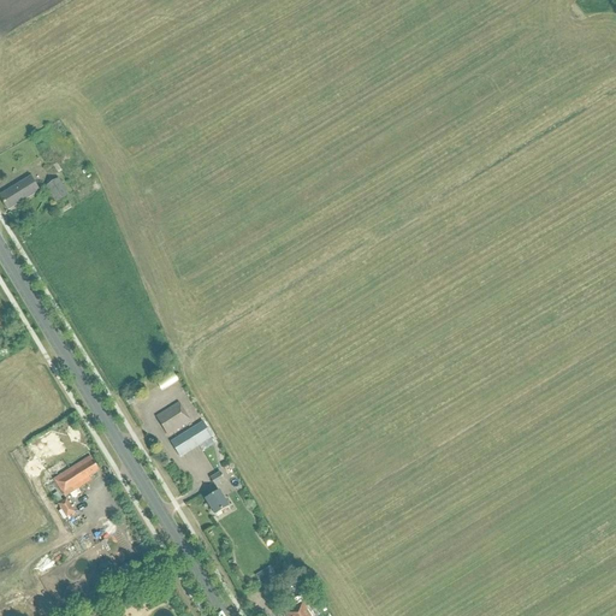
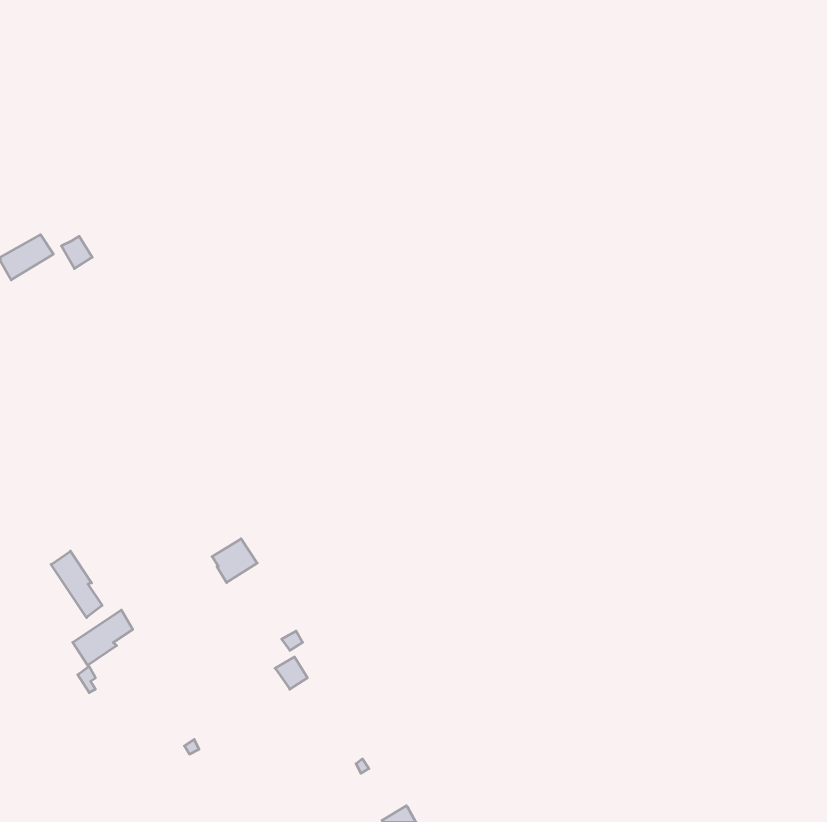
building: none -> [51,551,102,618]
building: [170,419,212,455] -> none

